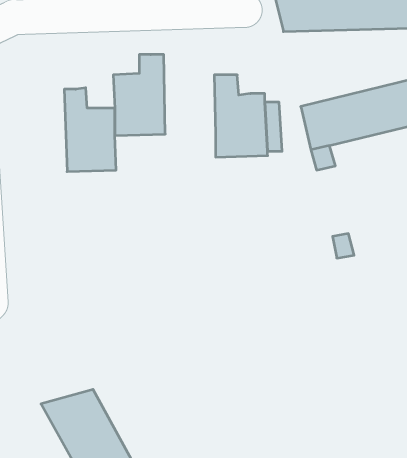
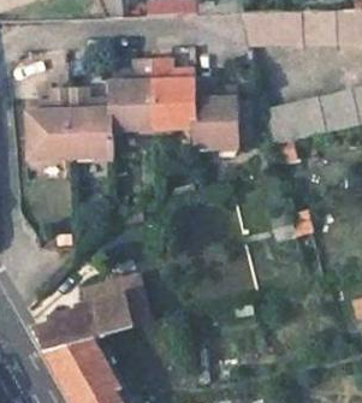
building: none -> [150,65,194,131]
building: none -> [23,94,70,164]
building: none -> [32,280,142,356]

